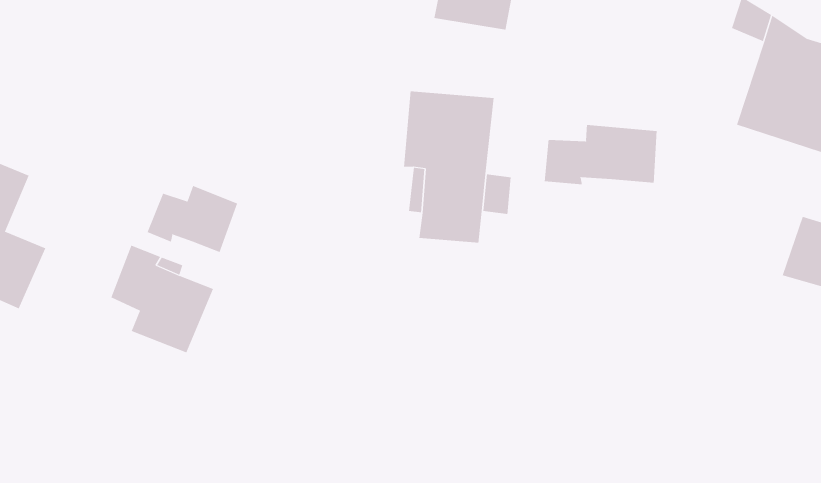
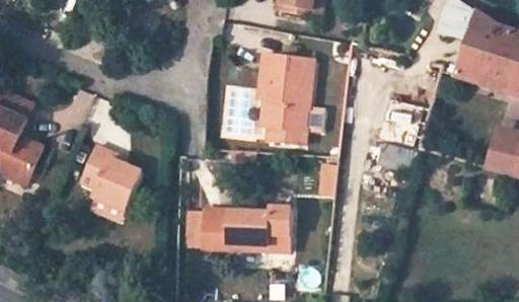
building: [544,124,657,185] -> none
building: [147,185,238,253] -> none
building: none -> [200,209,291,254]

